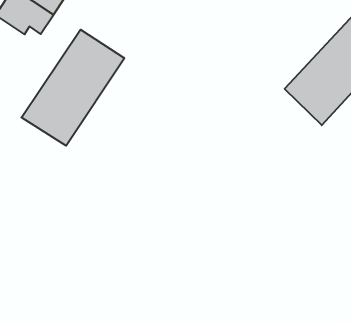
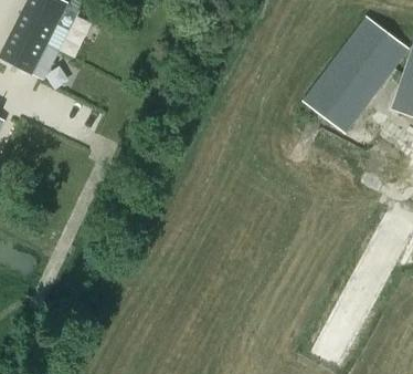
building: [21,30,124,146] -> none

